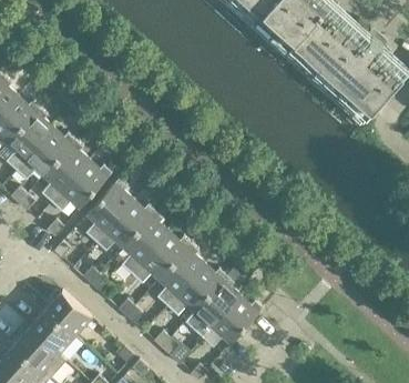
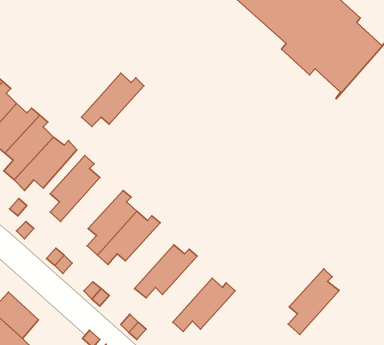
building: [95,199,155,250] -> [81,73,144,126]
building: [156,242,204,305] -> none
building: [192,274,241,337] -> [288,269,339,335]
building: [45,290,91,335] -> none

